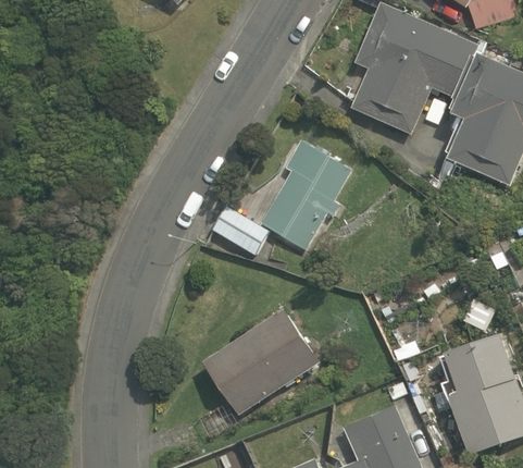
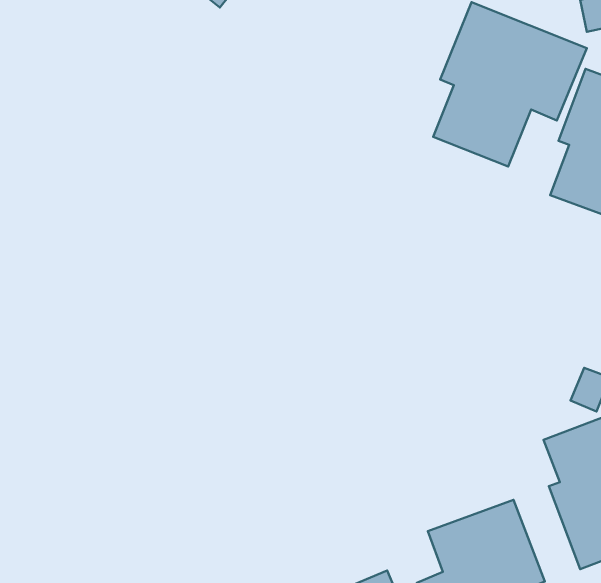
building: [209,147,348,256] -> none
building: [202,306,322,414] -> none

